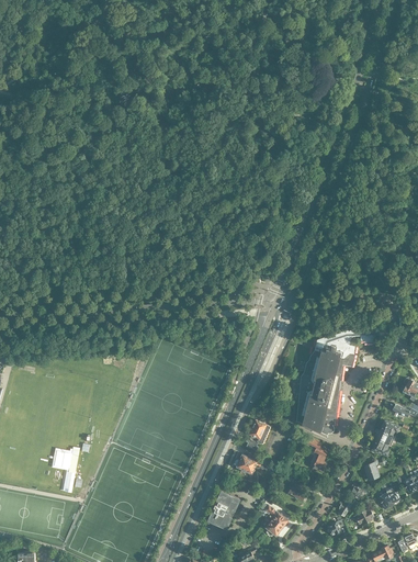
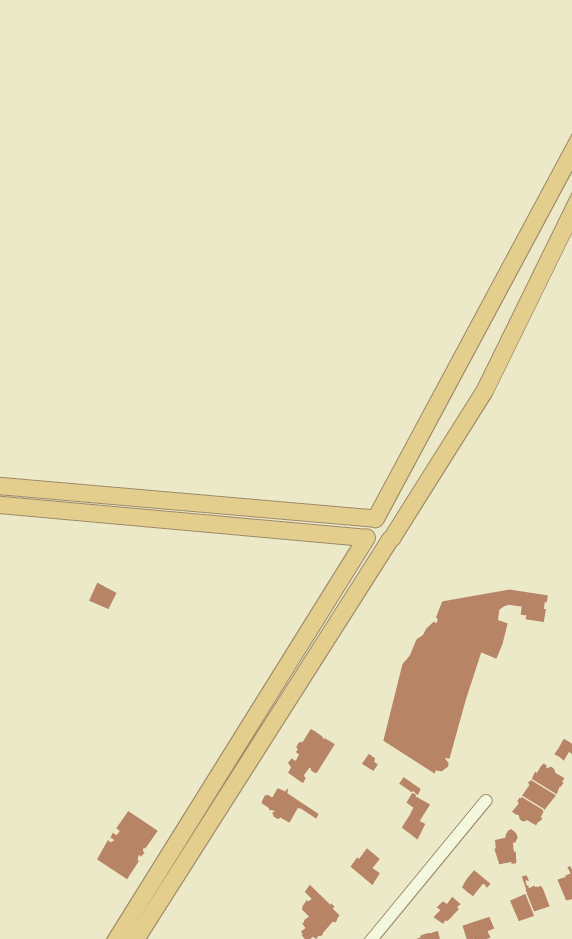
building: [208,492,240,530] -> [96,810,159,880]

